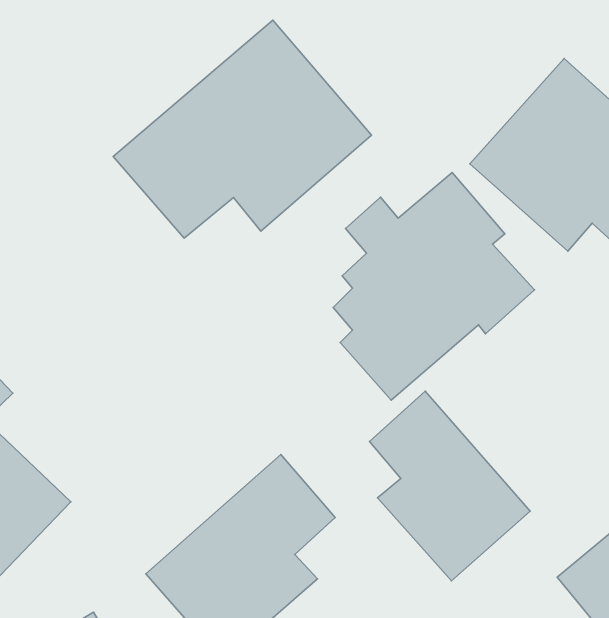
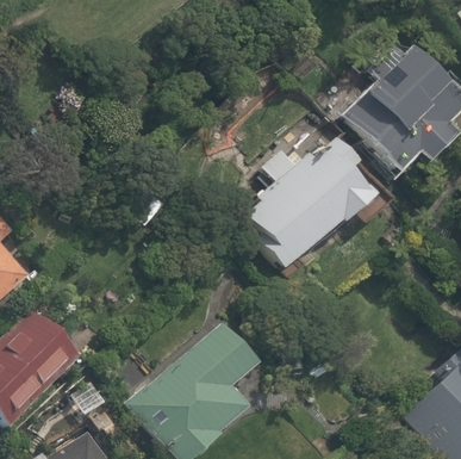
building: [113,20,371,238] -> none
building: [370,391,530,581] -> none

